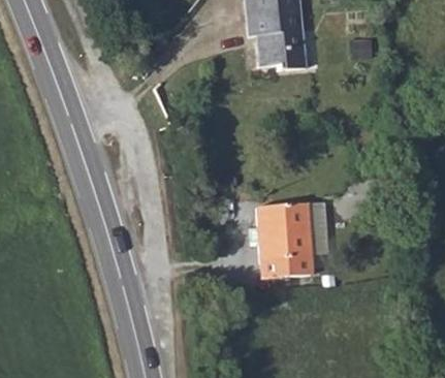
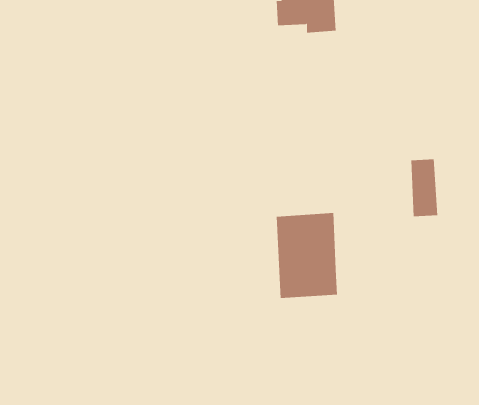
building: [303,207,325,254] -> [410,159,438,217]

